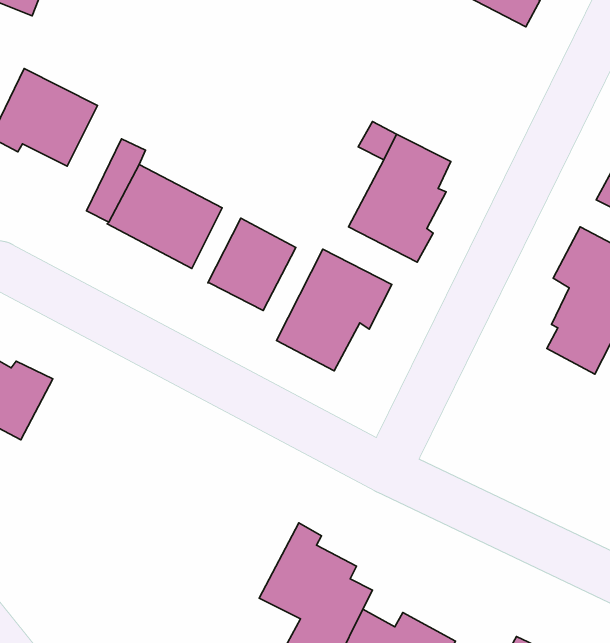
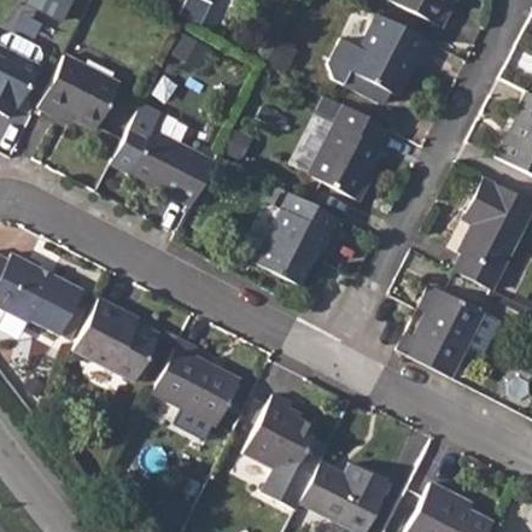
building: none -> [327,13,431,101]
building: [208,218,296,310] -> none
building: none -> [401,287,484,374]
building: none -> [74,300,157,382]
building: none -> [153,341,238,426]

